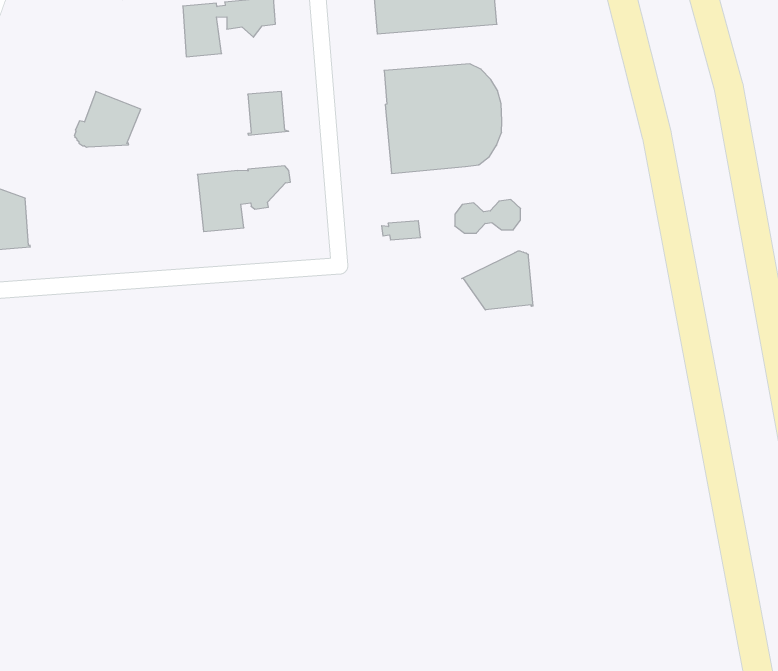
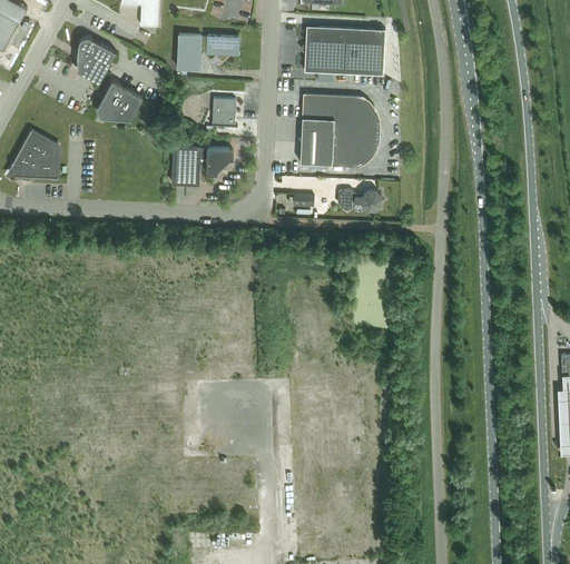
building: none -> [77,37,116,81]
building: [462,251,533,310] -> none

